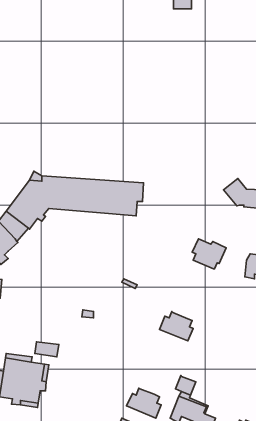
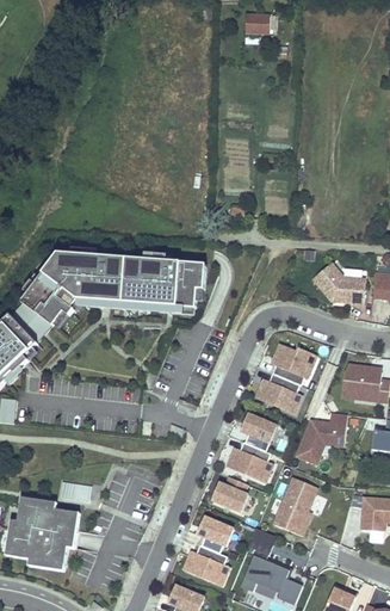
building: none -> [255,372,301,413]
building: none -> [296,412,347,458]
building: none -> [241,413,285,451]
building: none -> [212,476,247,512]
building: none -> [273,476,317,535]
building: none -> [198,517,233,553]

